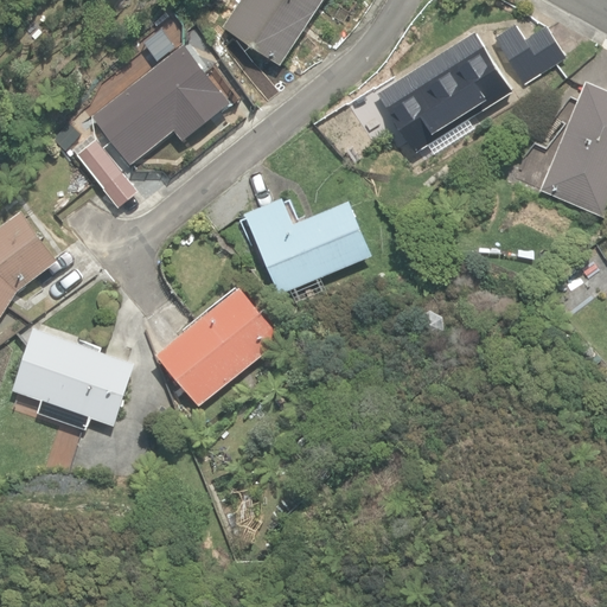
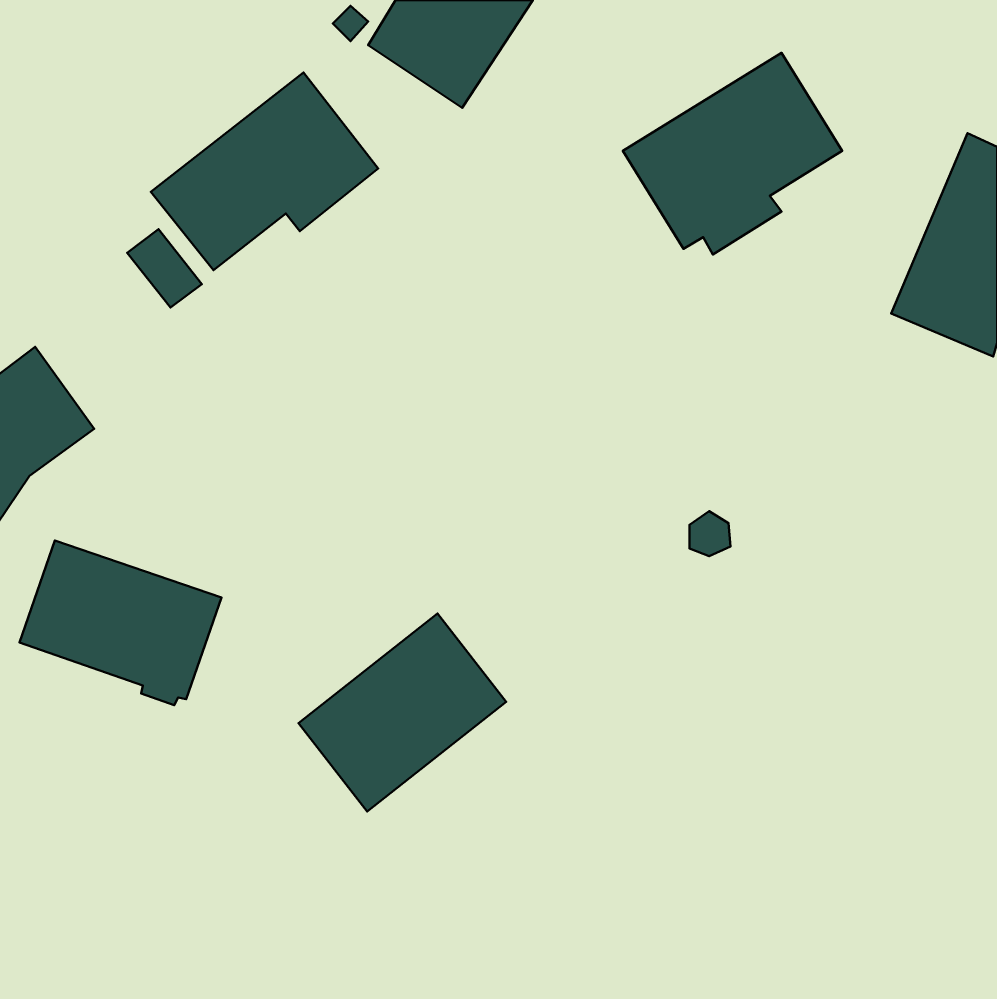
building: [493,25,564,84] -> none
building: [244,197,372,294] -> none
building: [156,287,282,407] -> [298,614,506,811]

